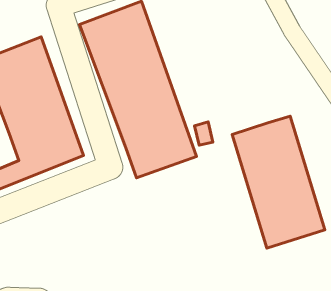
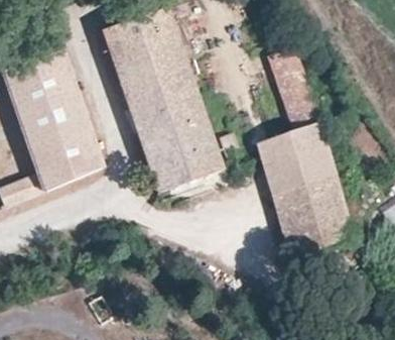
building: none -> [272,40,320,132]

